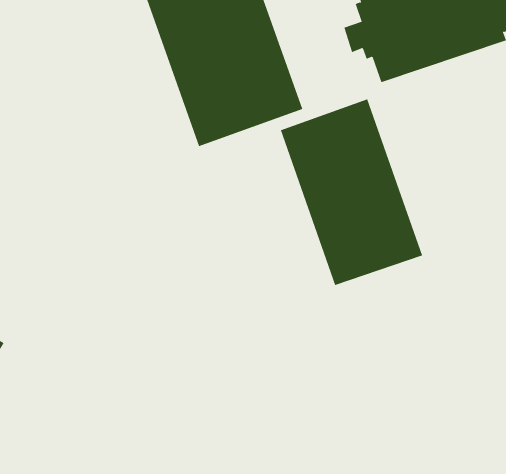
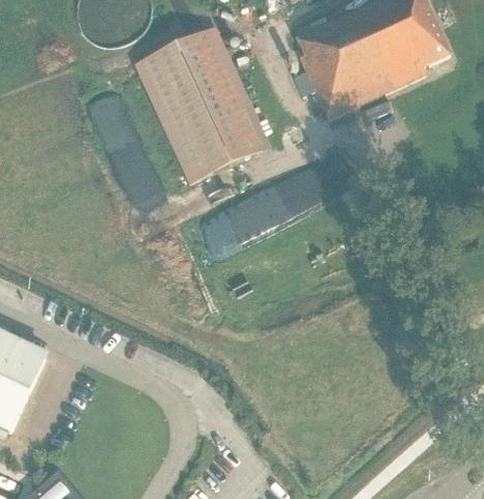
building: [280,99,423,286] -> none

